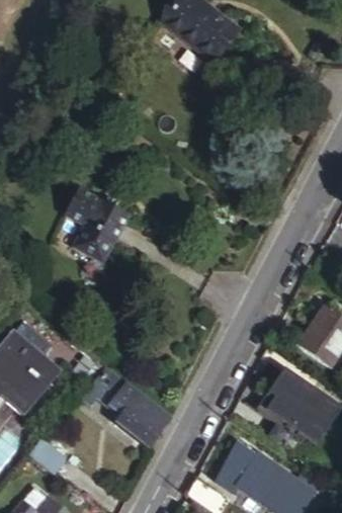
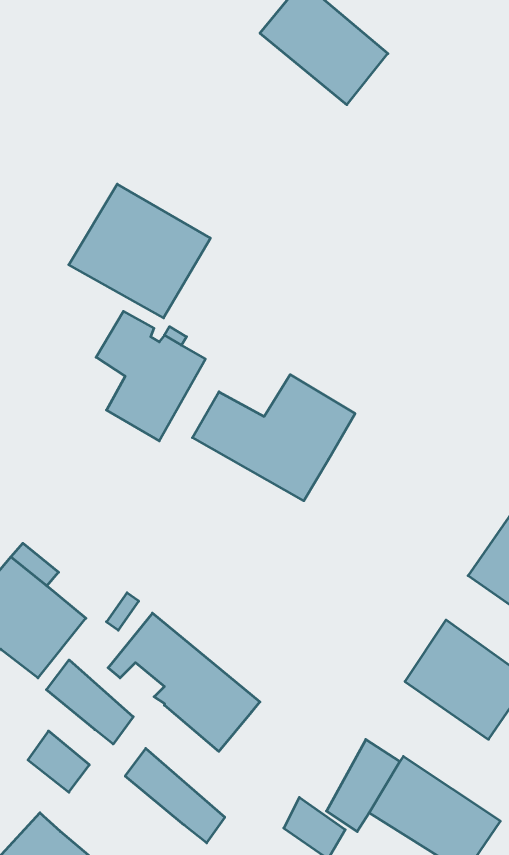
building: none -> [69,184,210,318]
building: none -> [192,375,355,501]
building: none -> [46,660,133,744]
building: none -> [125,748,225,843]

